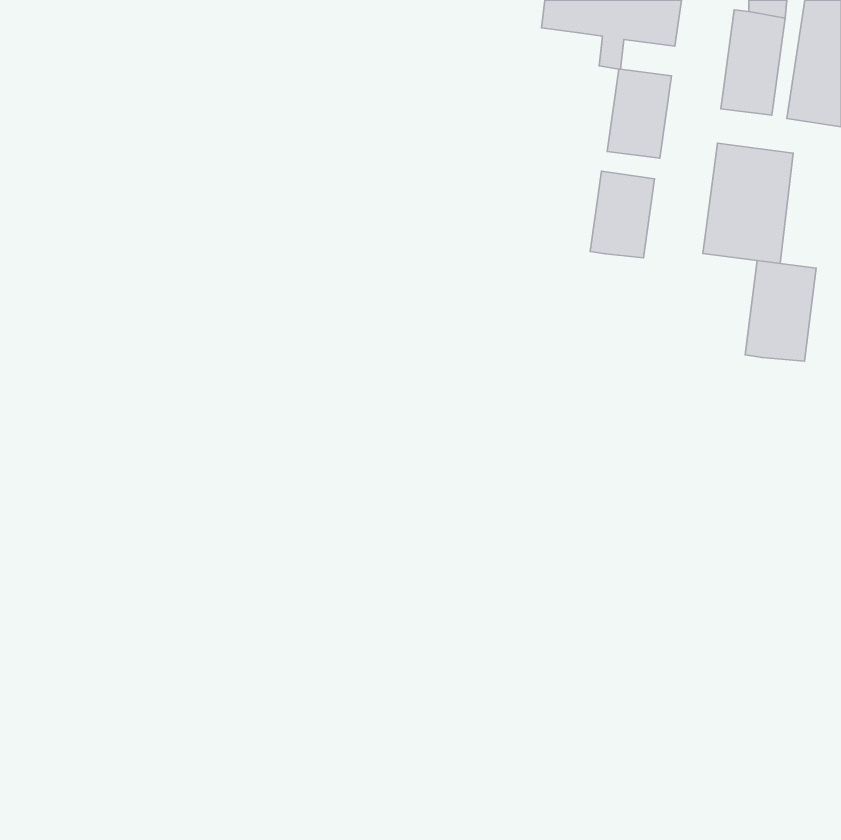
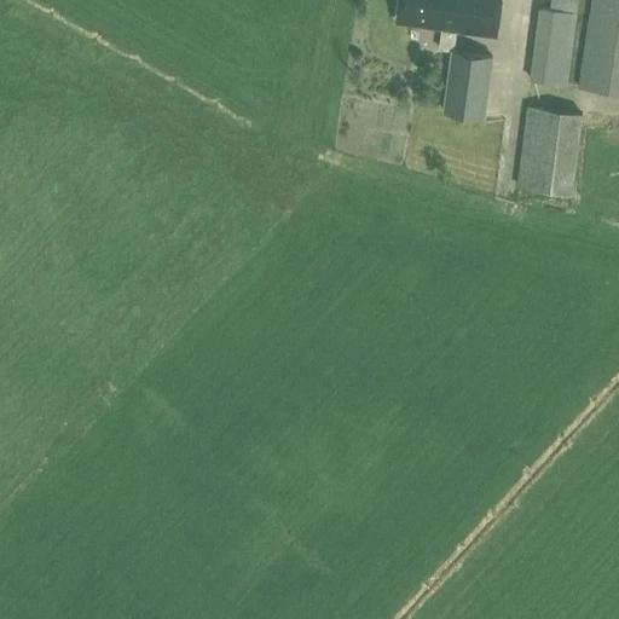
building: [590,171,654,258] -> none
building: [745,261,816,361] -> none

